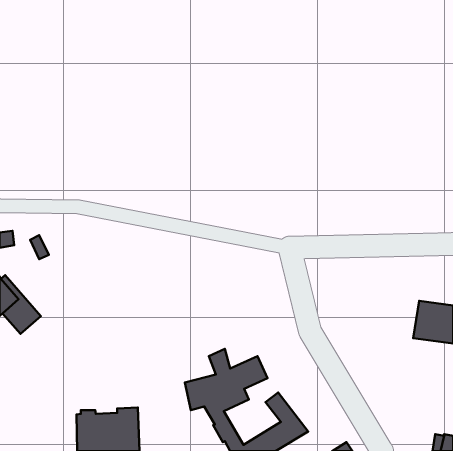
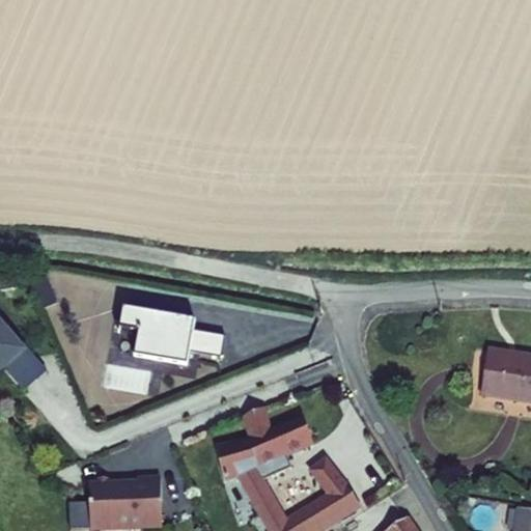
building: none -> [119,302,219,364]

